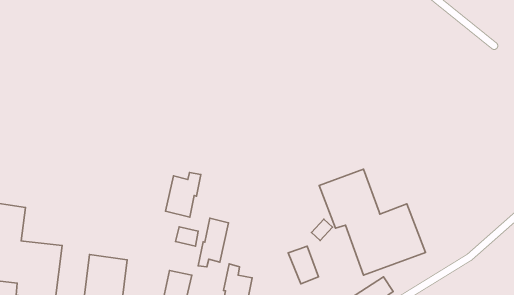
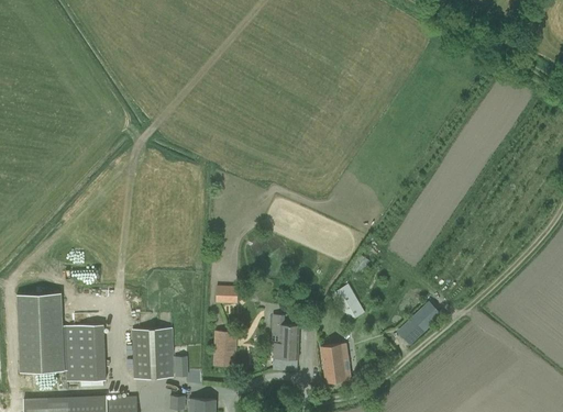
building: [319,169,425,275] -> none
building: [166,173,201,217] -> none
building: [198,218,229,267] -> none

